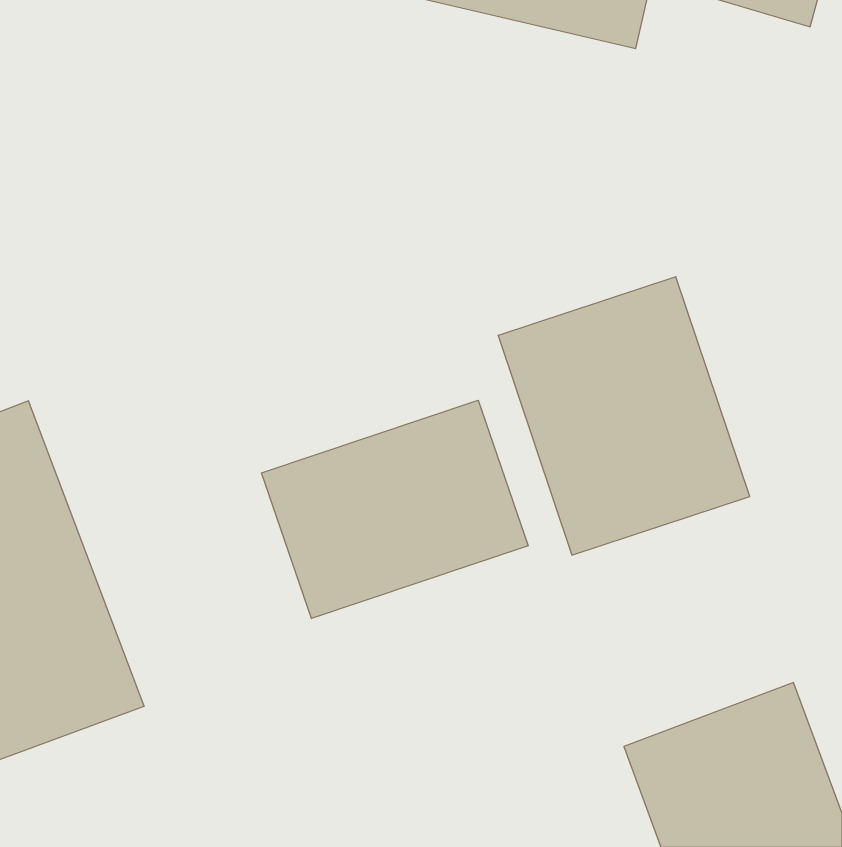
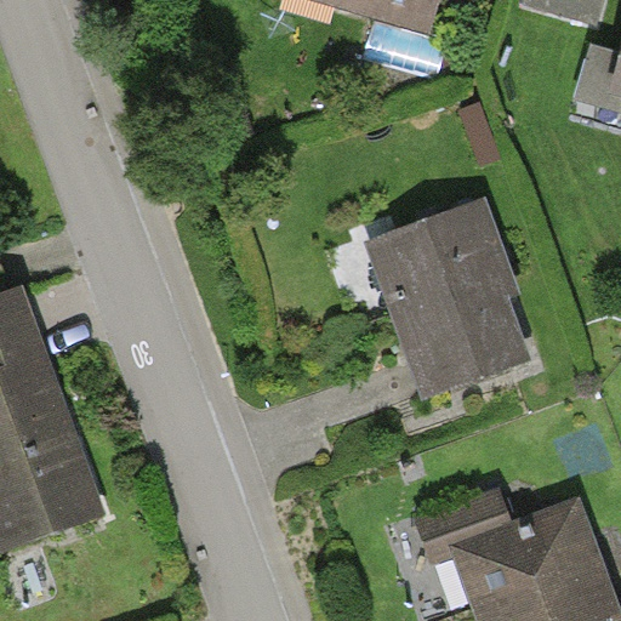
building: [262,400,528,619] -> none

